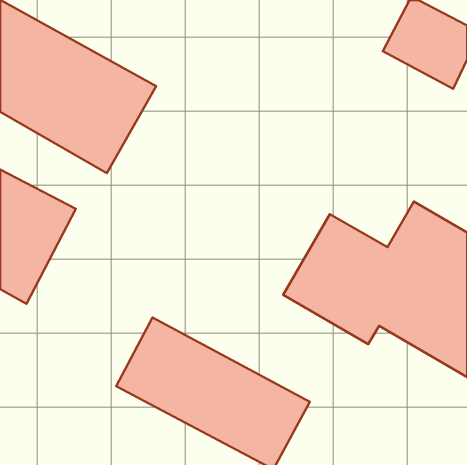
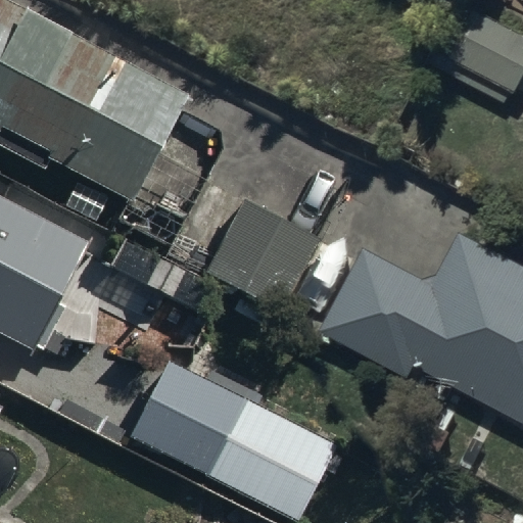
building: none -> [206,202,321,315]

